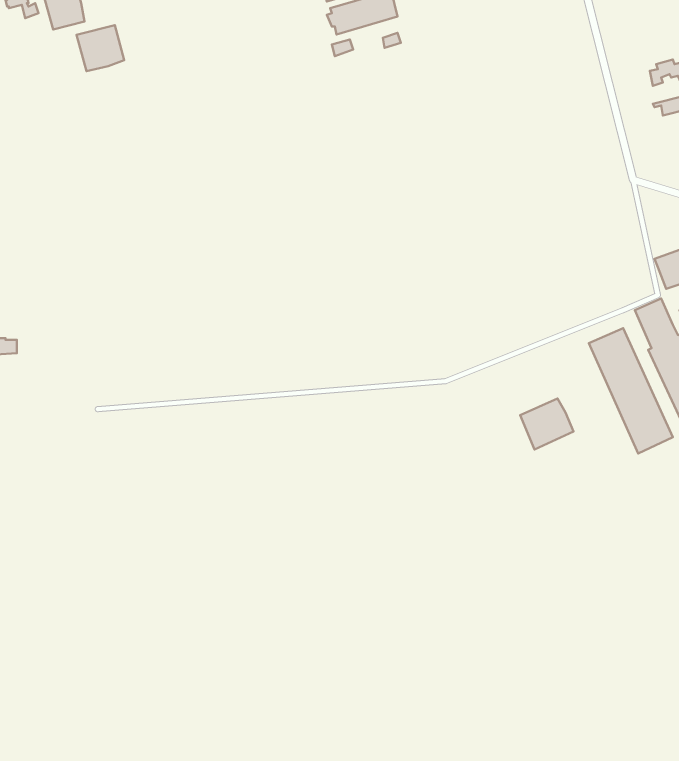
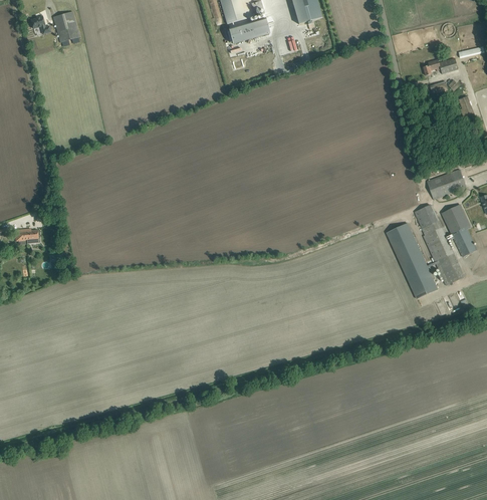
building: [76,25,124,71] -> none
building: [520,399,573,449] -> none

